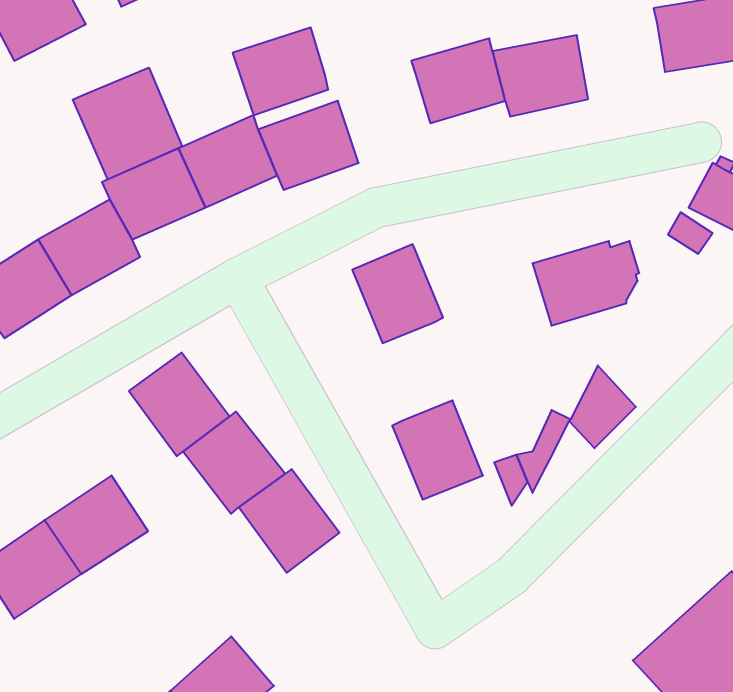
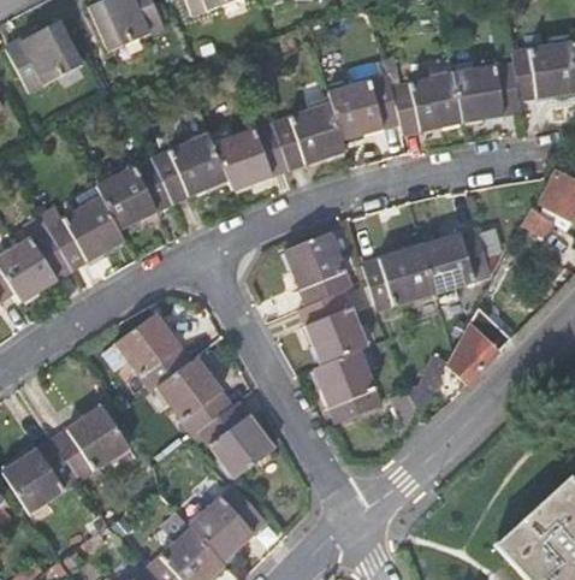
building: none -> [454,63,522,120]
building: [233,27,328,115] -> [273,102,345,168]
building: [73,68,182,179] -> none
building: none -> [362,244,434,309]
building: none -> [298,289,367,363]
building: none -> [189,484,267,561]

